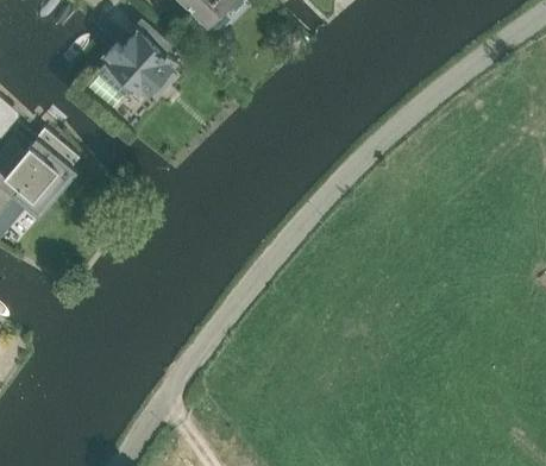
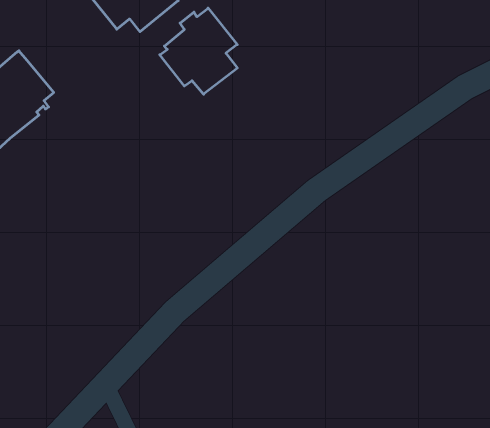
building: none -> [160,8,237,94]

